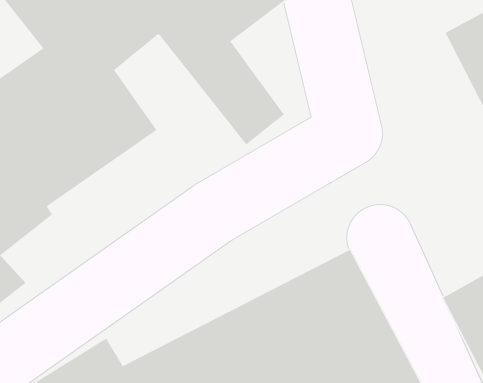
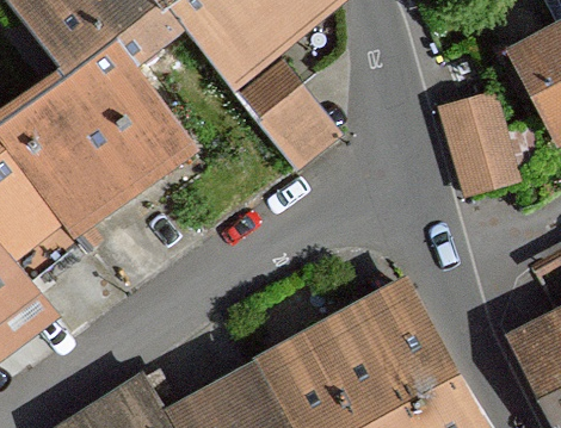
building: none -> [443,93,514,188]

